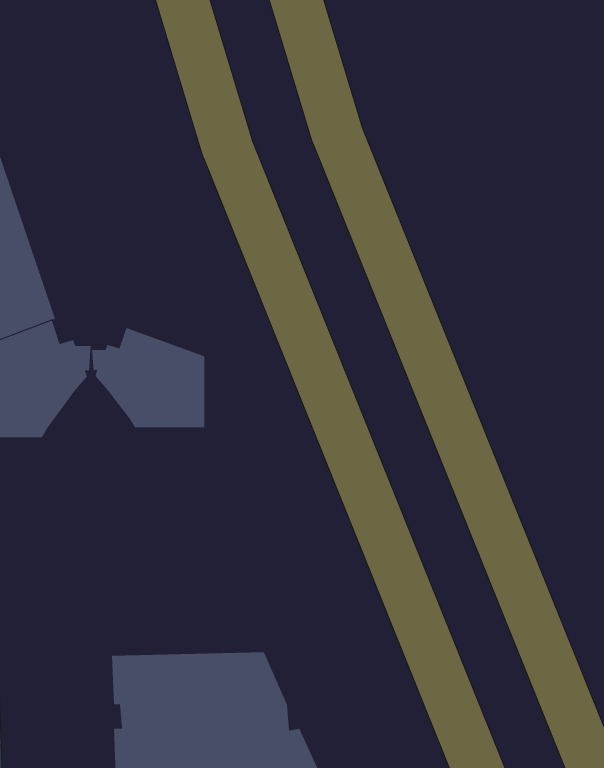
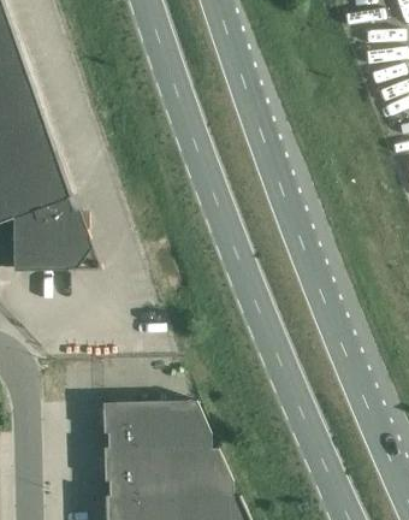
building: [91,327,205,428] -> none

